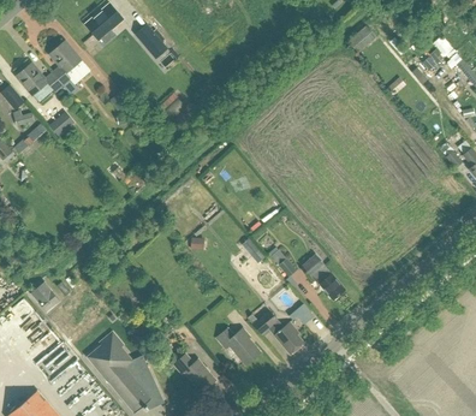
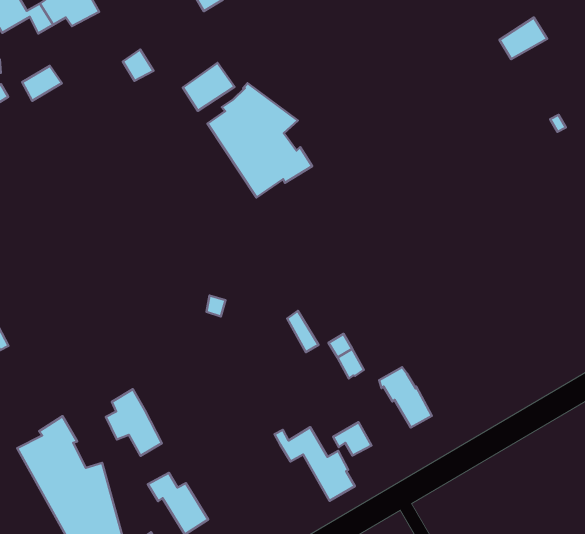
building: none -> [208,83,312,198]
building: none -> [106,389,162,456]
building: [216,328,260,364] -> none

